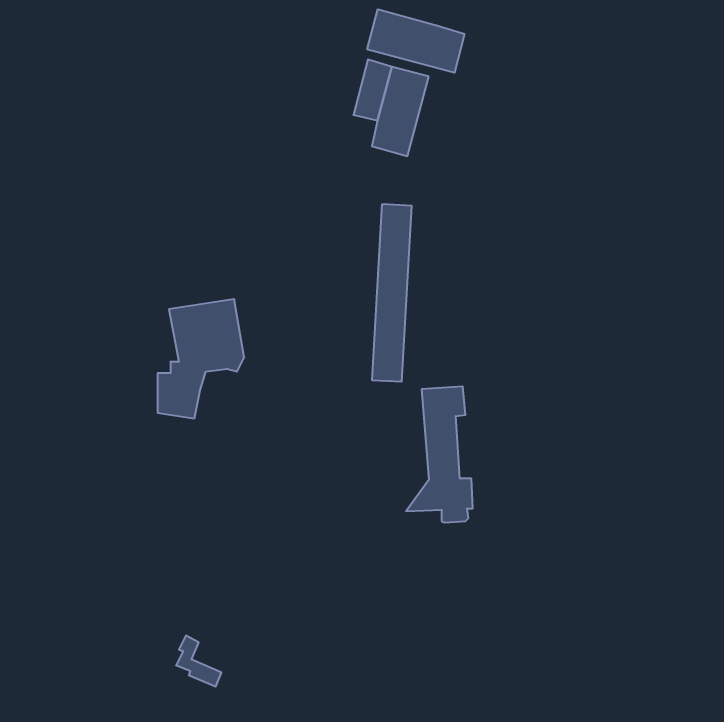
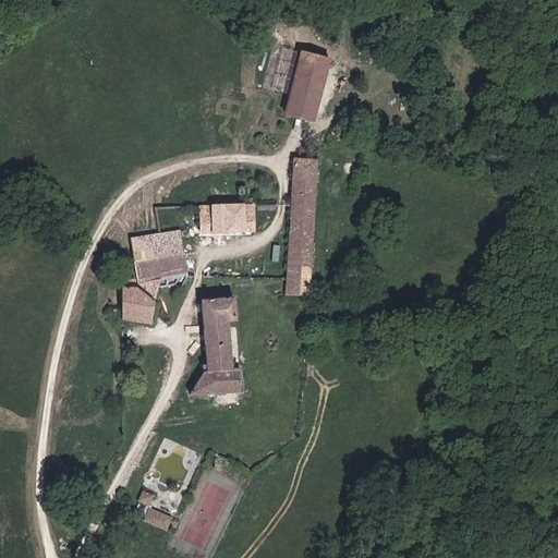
building: [367,9,464,73] -> none
building: none -> [201,203,255,231]
building: [406,386,473,523] -> [191,296,242,401]

